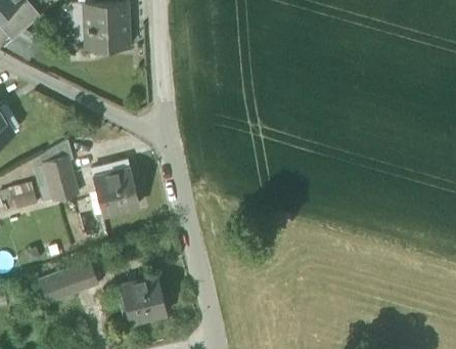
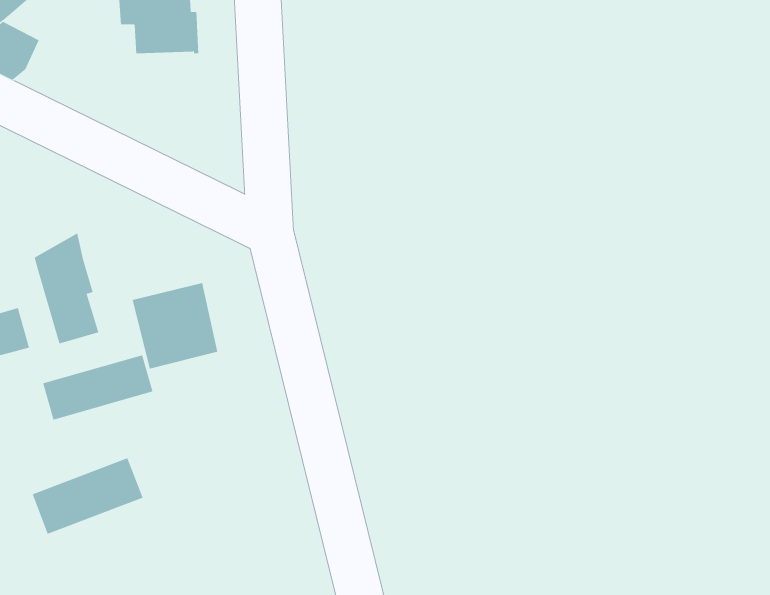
building: none -> [42,354,153,420]
building: [123,273,171,320] -> none

